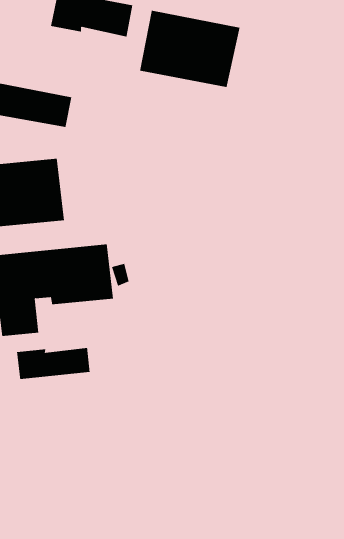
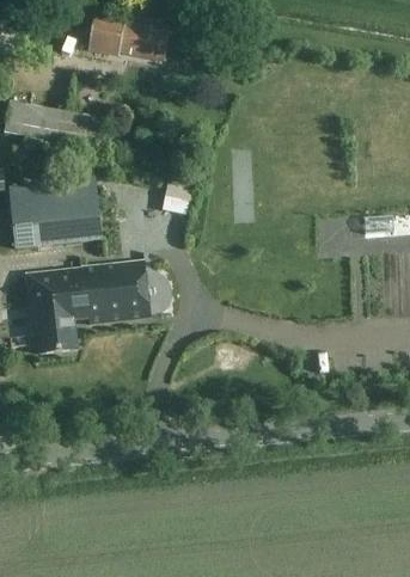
building: [140,10,240,88] -> none
building: [16,347,90,380] -> none

